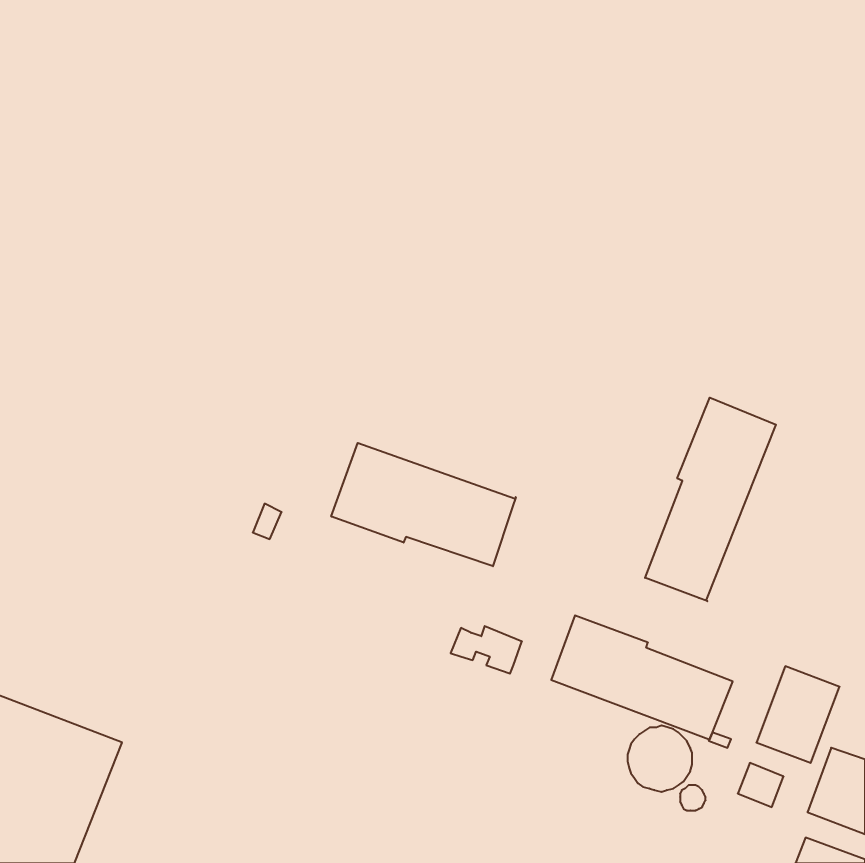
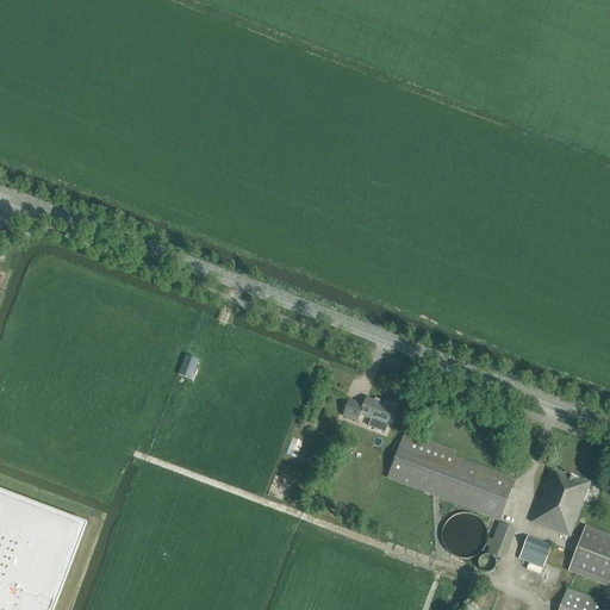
building: [645,398,776,601] -> none
building: [331,443,516,566] -> none
building: [451,626,522,674] -> [342,397,392,430]

